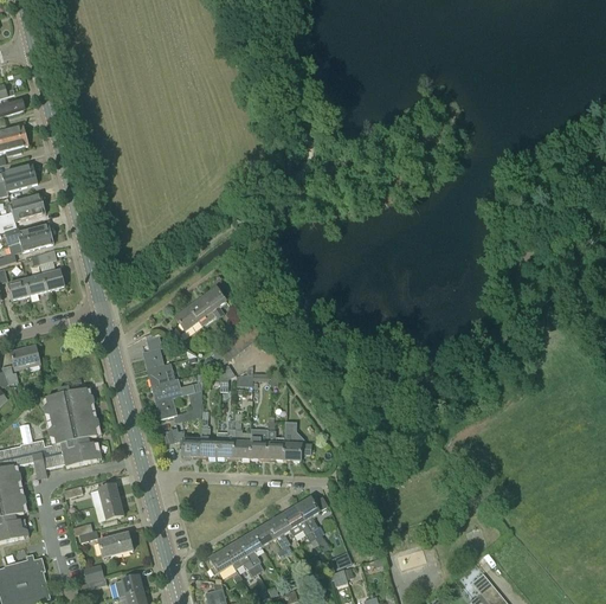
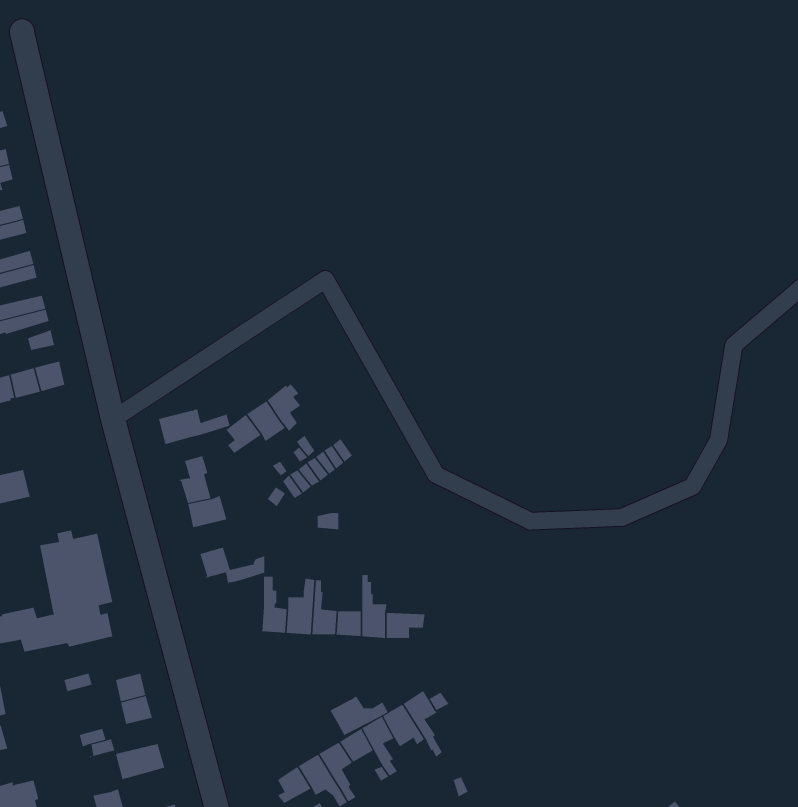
building: [150,377,200,401] -> [158,409,231,445]
building: [161,420,199,455] -> none
building: none -> [330,695,388,736]

